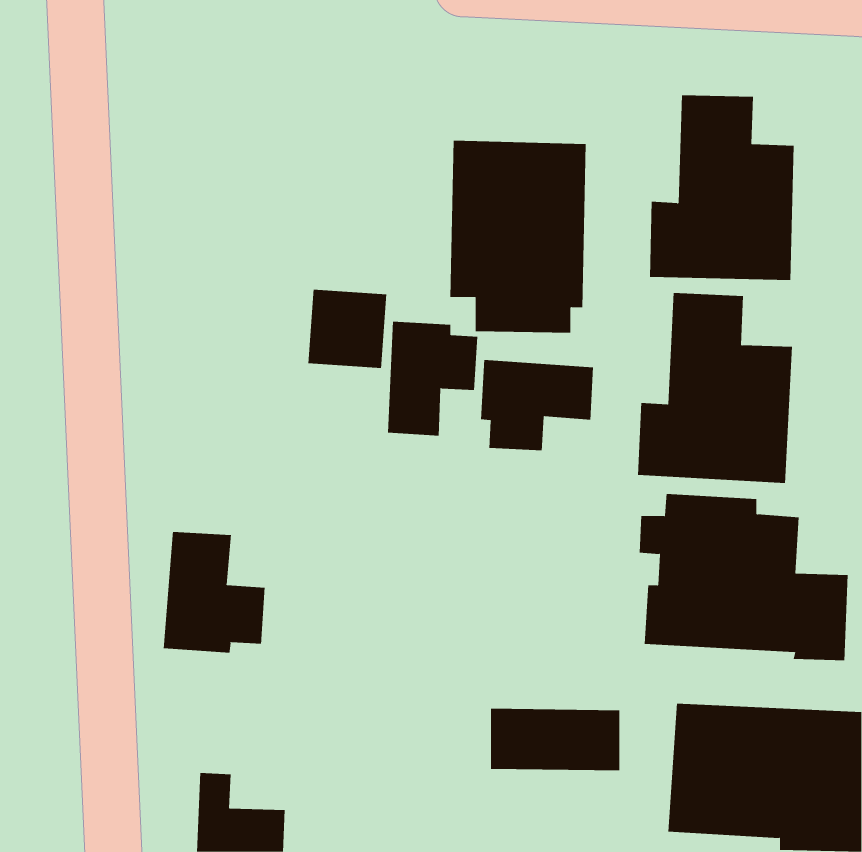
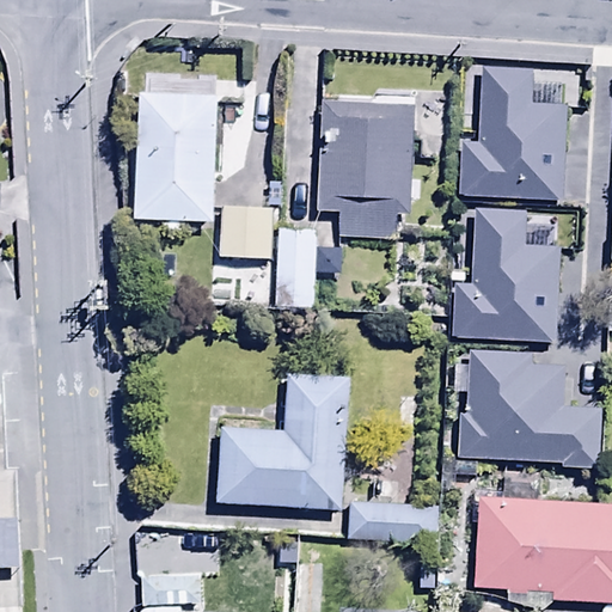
building: none -> [135,91,215,232]
building: [480,359,593,451] -> none
building: none -> [218,371,351,510]
building: [163,531,265,653] -> none

